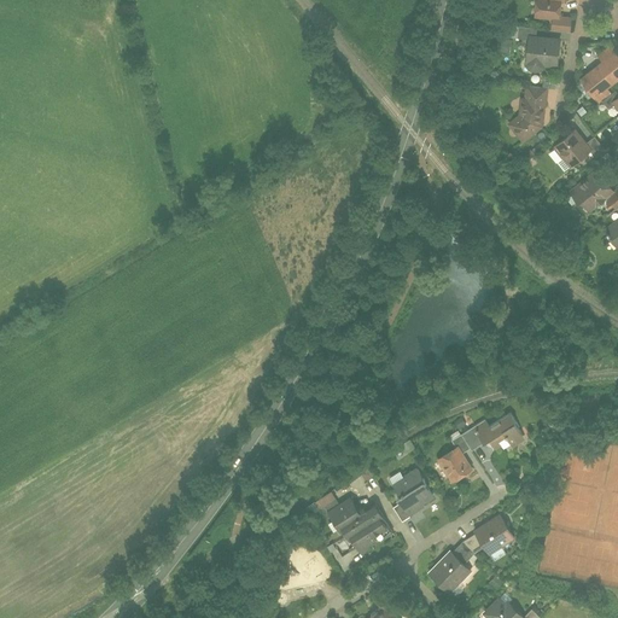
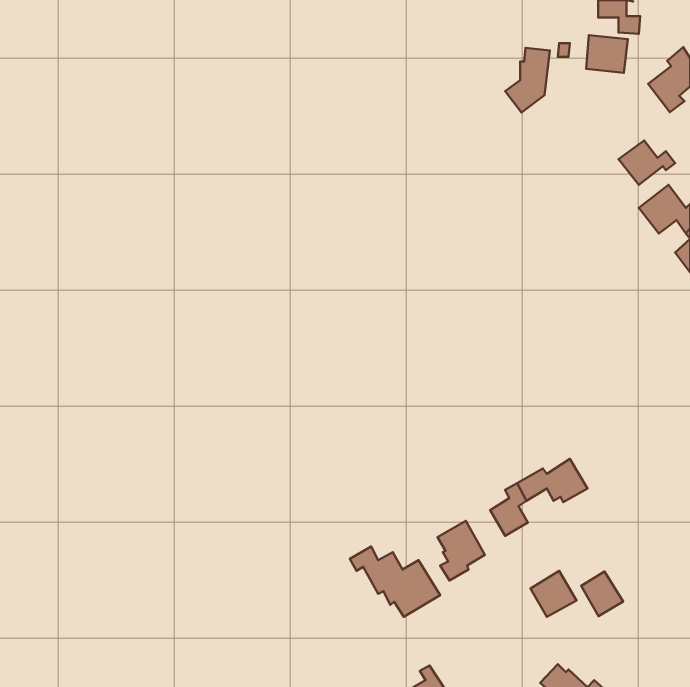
building: [507,86,547,144] -> [505,48,550,113]
building: none -> [581,572,623,616]
building: [428,550,472,593] -> none

